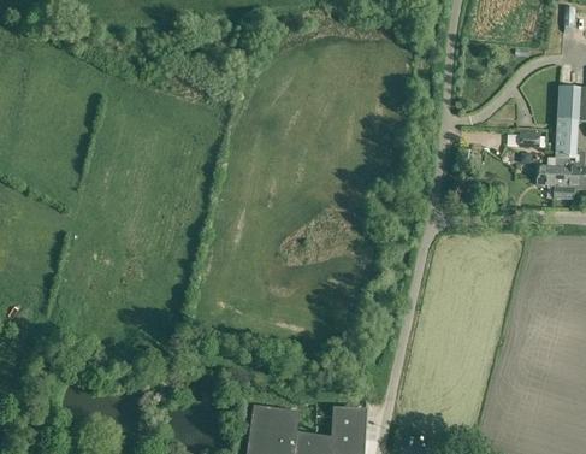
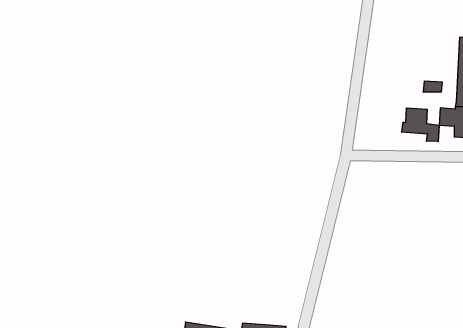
building: none -> [402,108,439,142]

